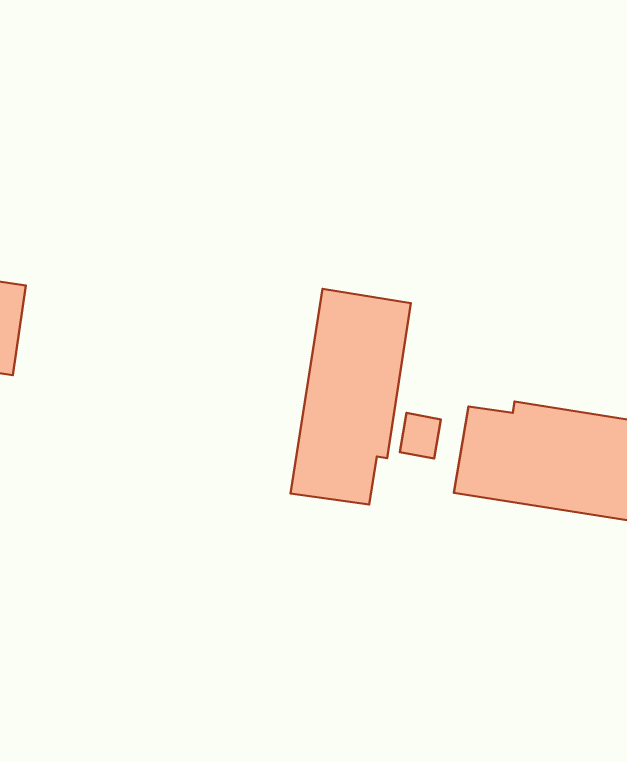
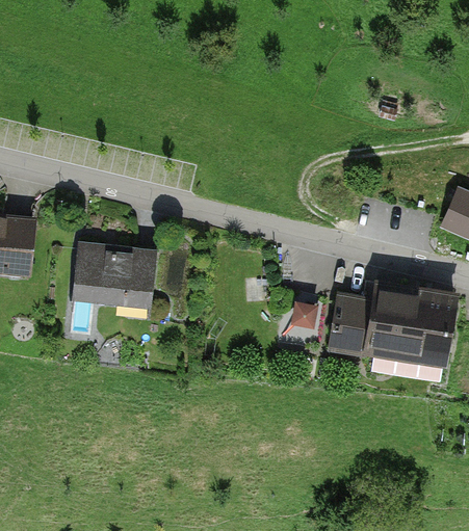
building: [290,289,411,504] -> none
building: none -> [75,243,160,304]

